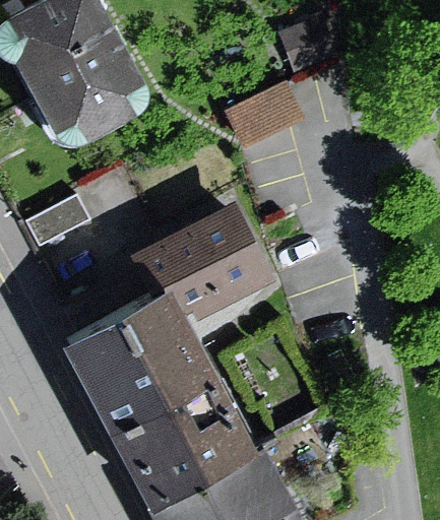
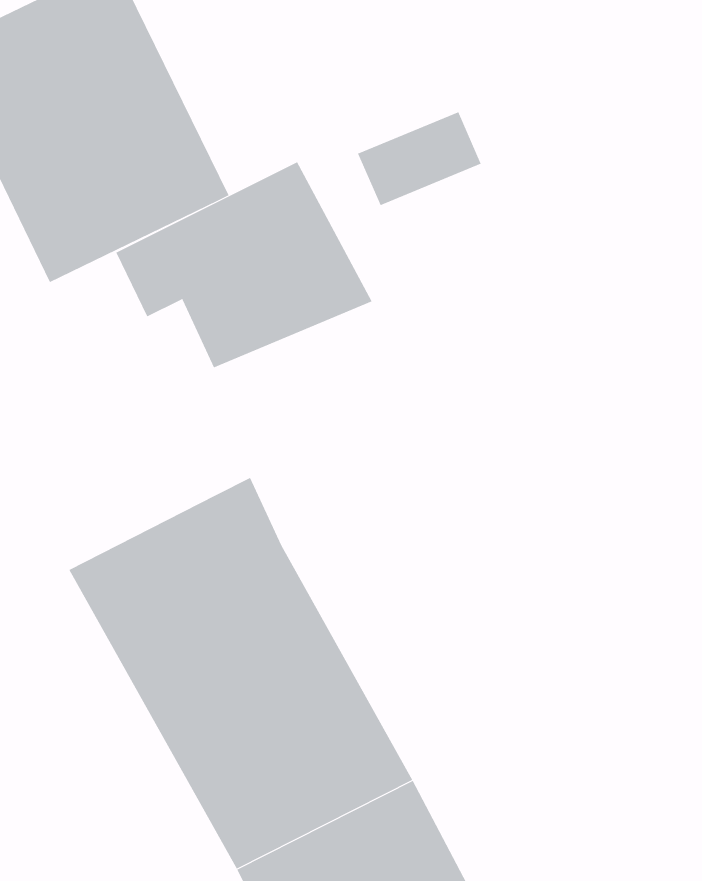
building: [131,203,280,323] -> [115,161,373,368]

